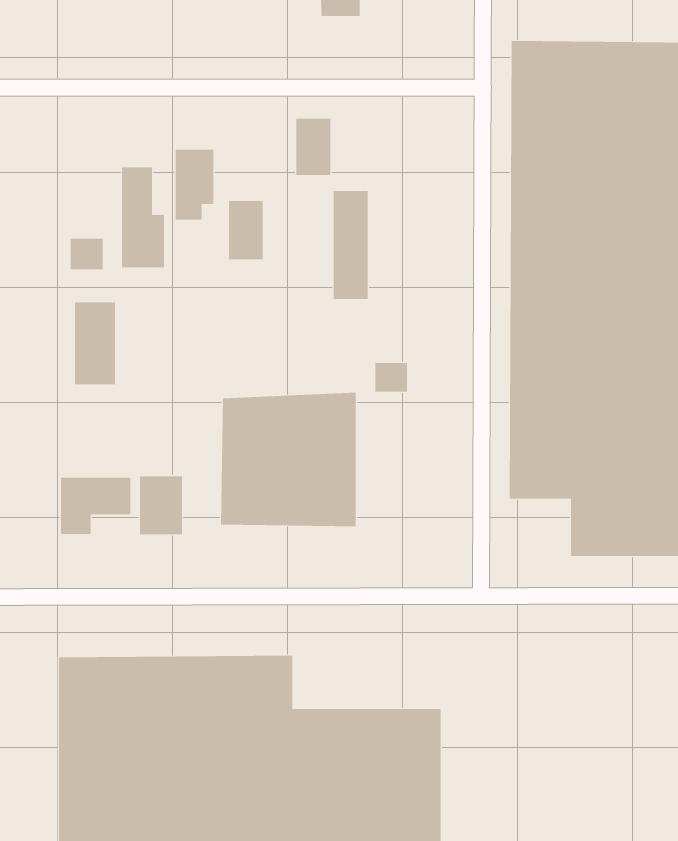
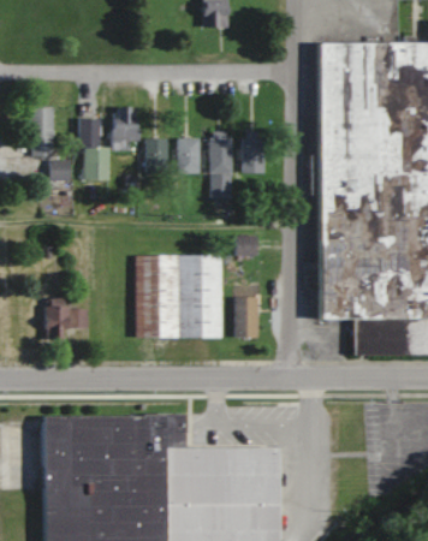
building: [295,118,331,175] -> [178,138,200,173]
building: none -> [243,138,264,173]
building: [74,302,116,385] -> [29,107,54,157]
building: none -> [236,297,258,339]
building: [140,476,183,535] -> none

